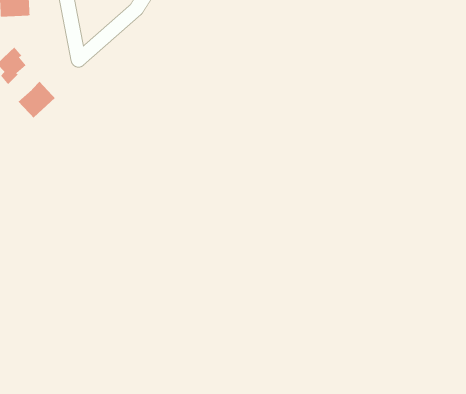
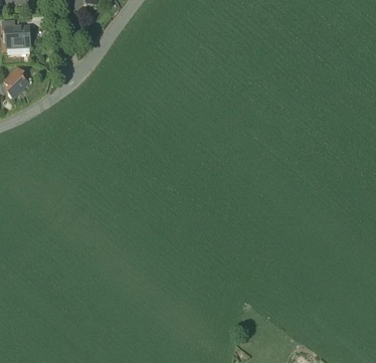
building: [18,81,57,119] -> none

